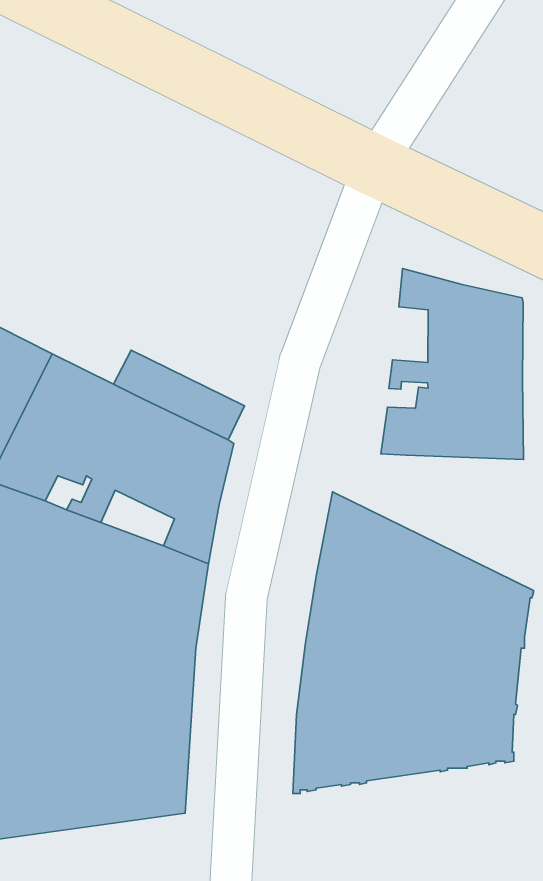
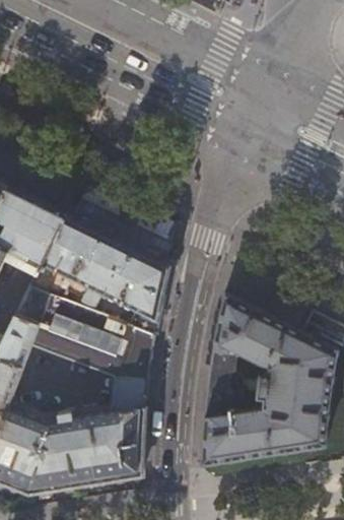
building: [381,269,524,459] -> none

